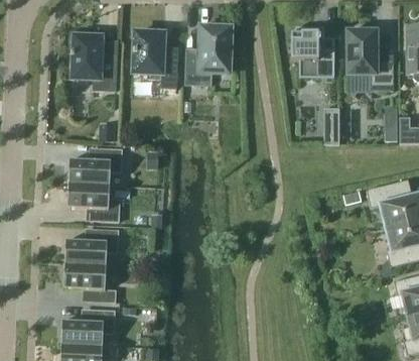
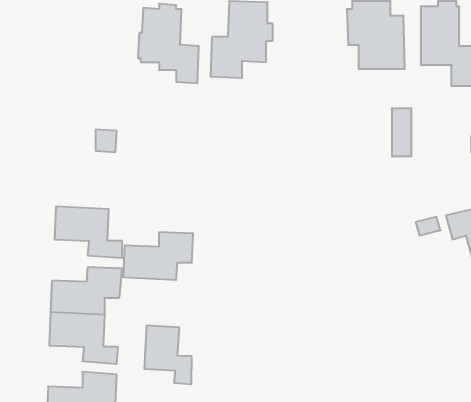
building: [68,31,117,91] -> none
building: [68,148,122,185] -> [123,232,193,280]
building: none -> [145,325,192,385]

